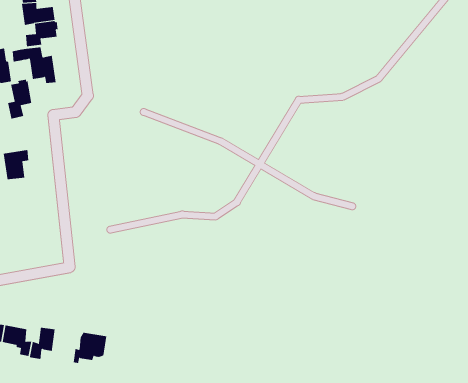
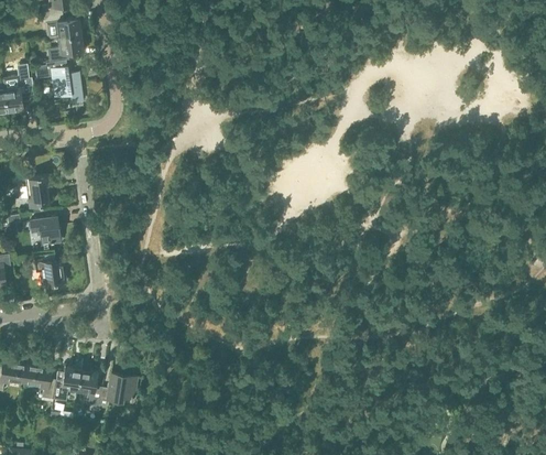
building: [8,79,32,120] -> none
building: none -> [29,216,64,248]
building: none -> [33,258,65,286]
building: none -> [78,370,102,409]

